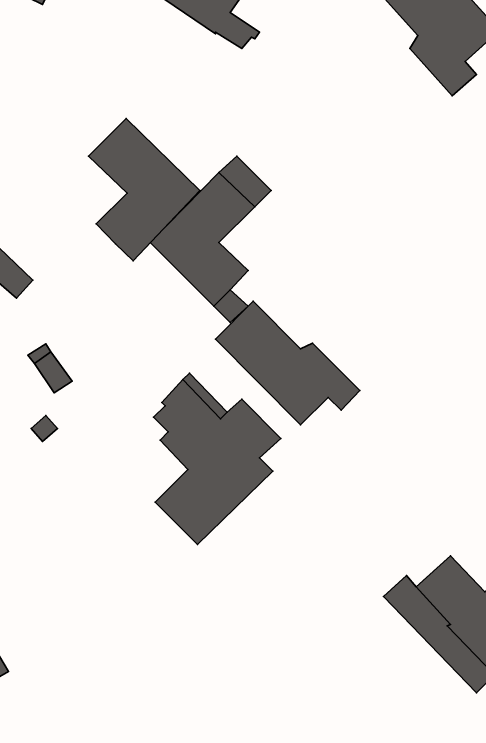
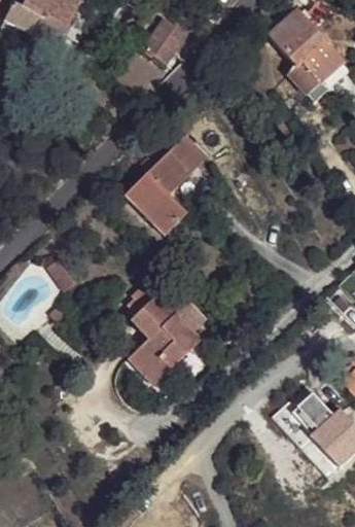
building: [88,118,200,261] -> none
building: [215,301,360,425] -> none

